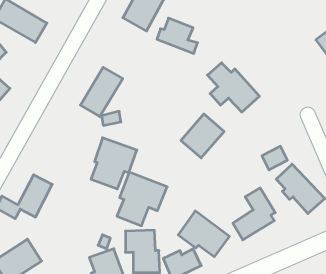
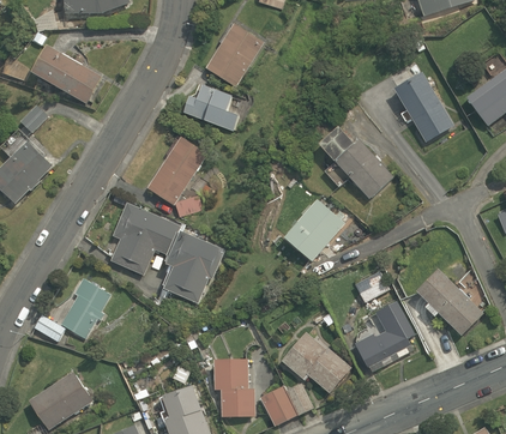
building: [157,18,198,53] -> [185,83,240,131]
building: none -> [391,71,454,144]
building: [262,146,287,170] -> [355,270,390,302]
building: [117,172,167,226] -> [110,203,179,276]

